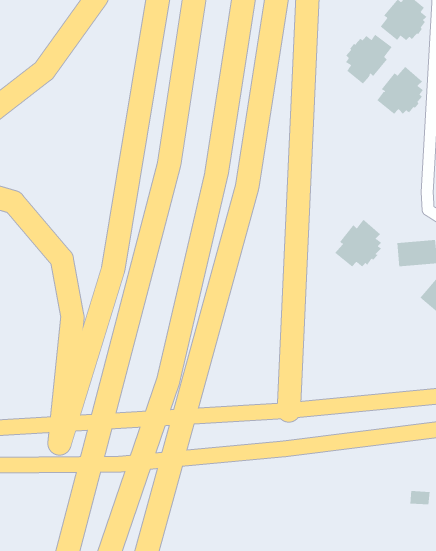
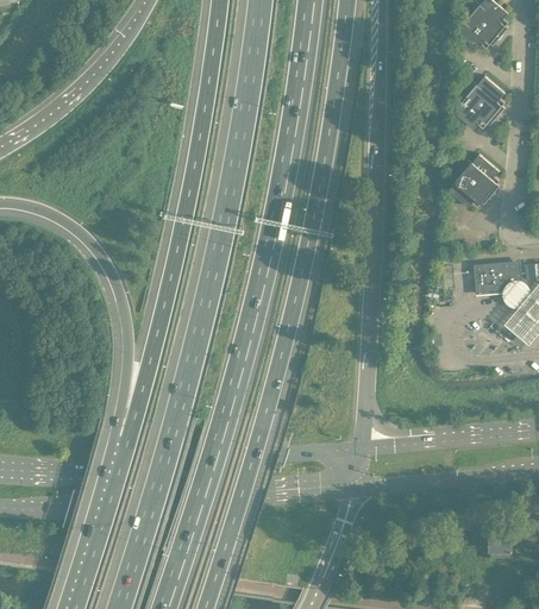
building: [345,34,393,84] -> none
building: [335,219,382,267] -> [449,152,500,205]

